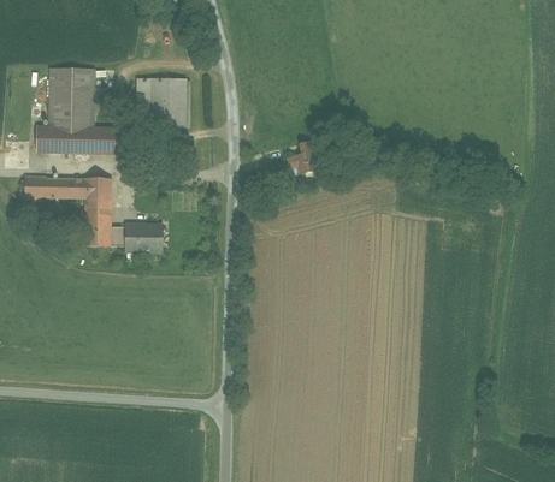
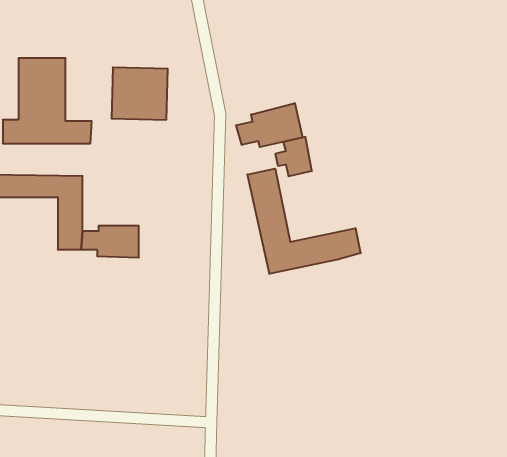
building: none -> [236,103,302,147]
building: none -> [247,169,361,274]

